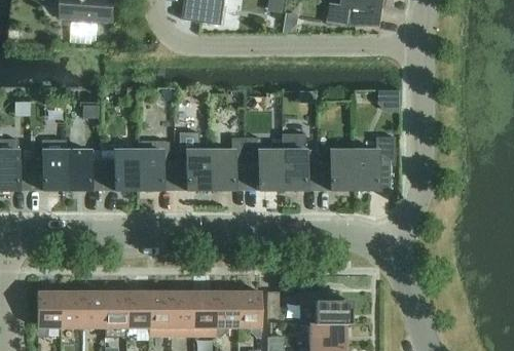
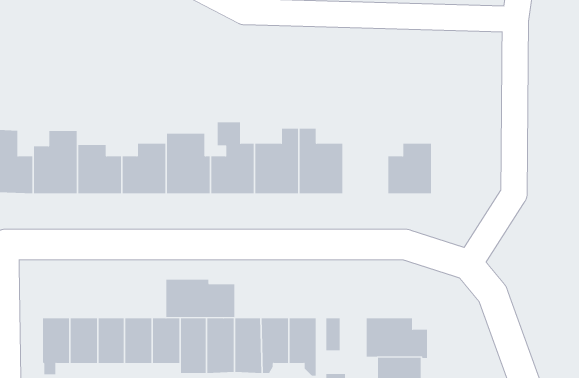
building: [280,133,316,190] -> none
building: [352,136,393,190] -> none
building: none -> [166,279,235,318]

